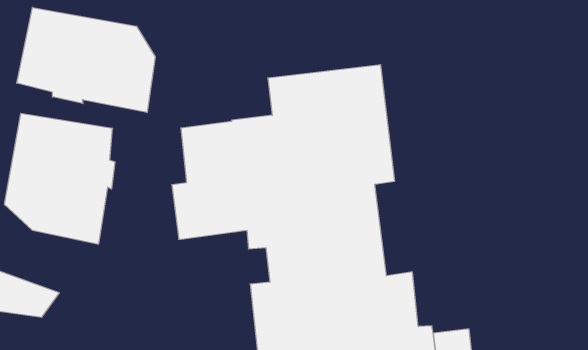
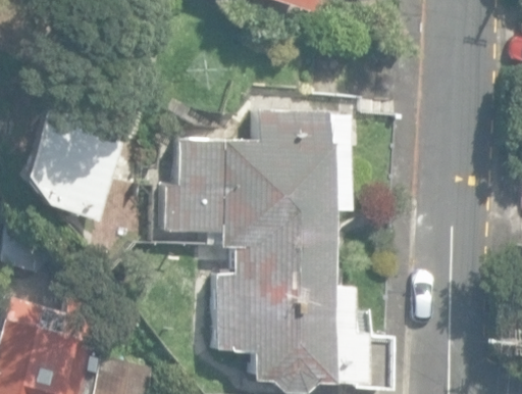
building: [17,7,155,113] -> none

